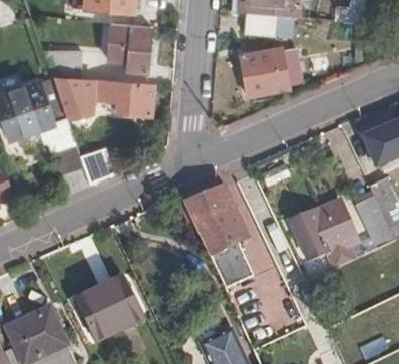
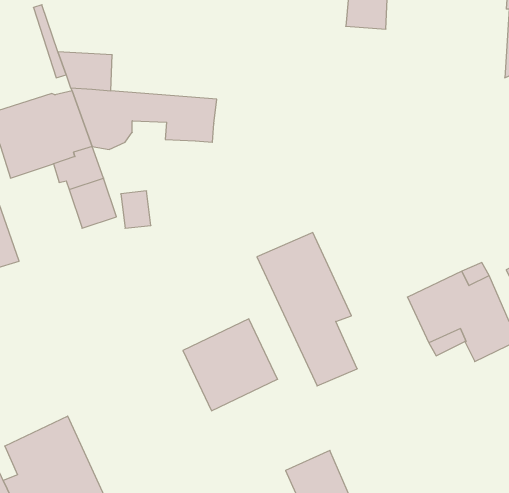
building: [108,22,150,72] -> none
building: [240,45,289,96] -> none
building: [75,277,141,341] -> [183,319,278,411]

